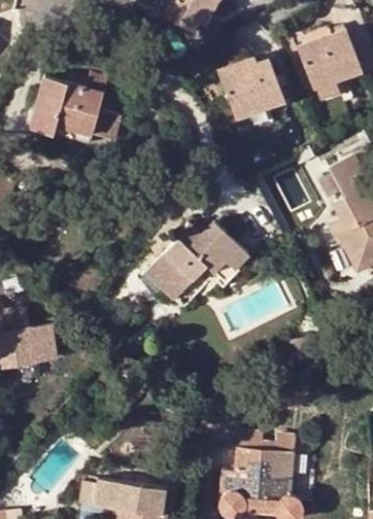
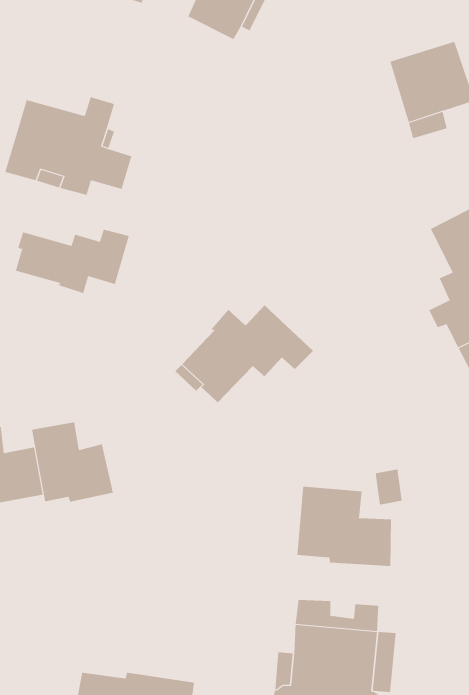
building: [225,60,285,118] -> none
building: none -> [15,229,129,294]
building: none -> [32,421,113,503]
building: none -> [297,486,392,567]

